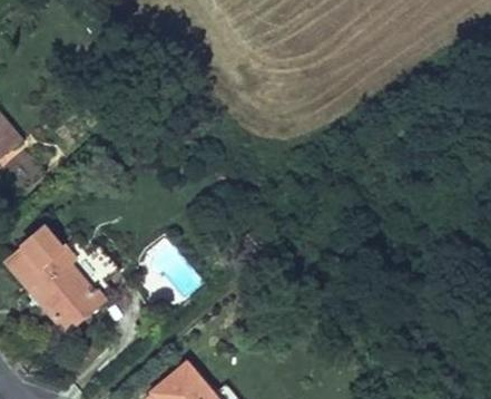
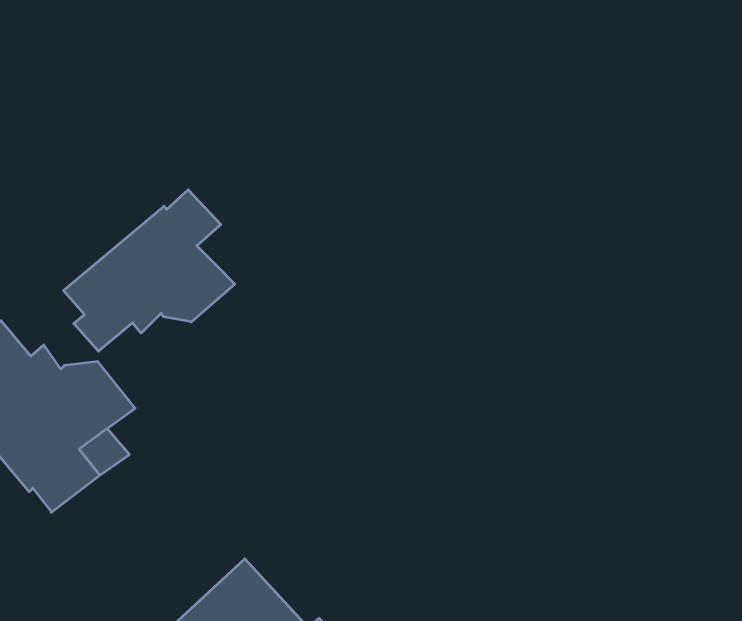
building: none -> [64,190,235,351]

